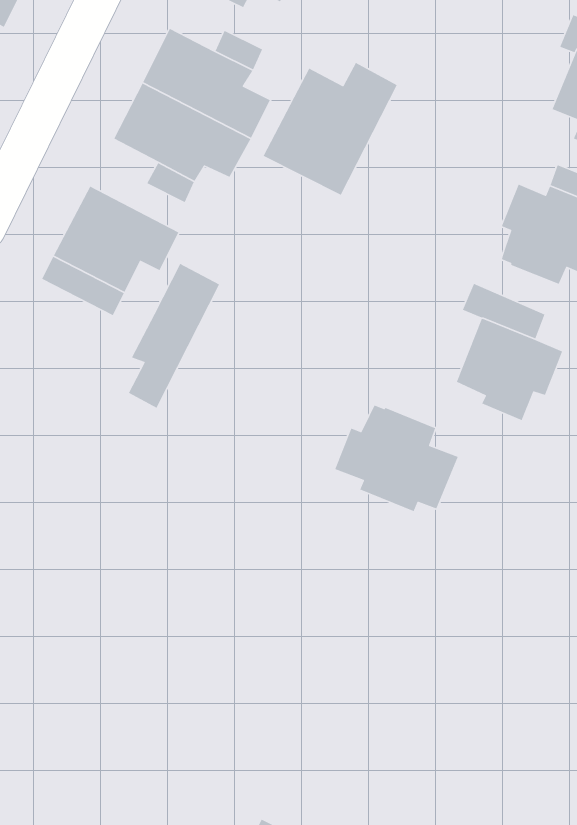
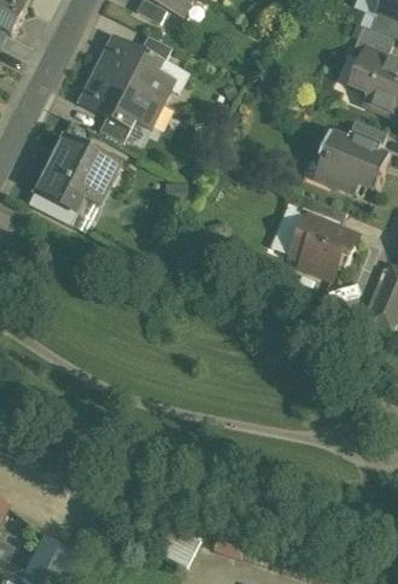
building: [263,62,398,196] -> none
building: [128,263,220,409] -> none
building: [334,404,459,512] -> none

